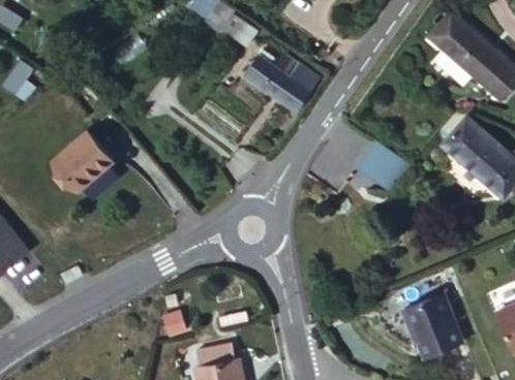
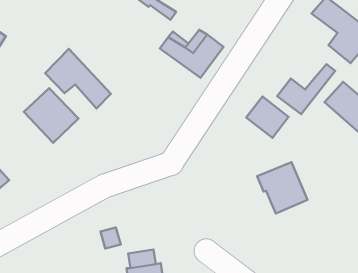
building: none -> [45,49,111,108]
building: none -> [277,64,335,114]
building: [399,290,463,355] -> [257,162,308,214]

